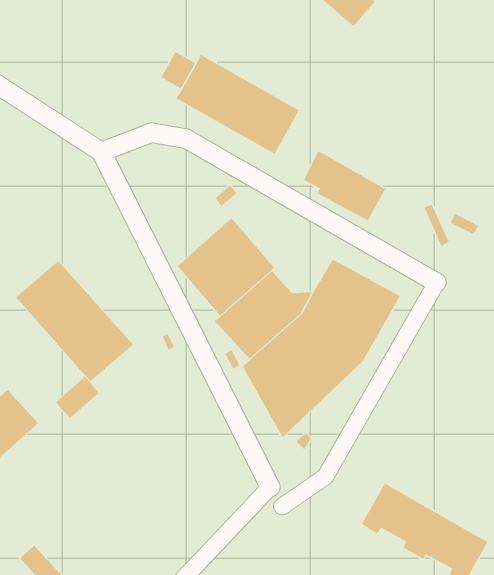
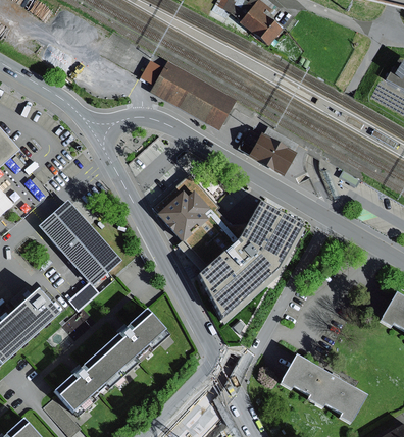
building: none -> [52,311,163,414]

